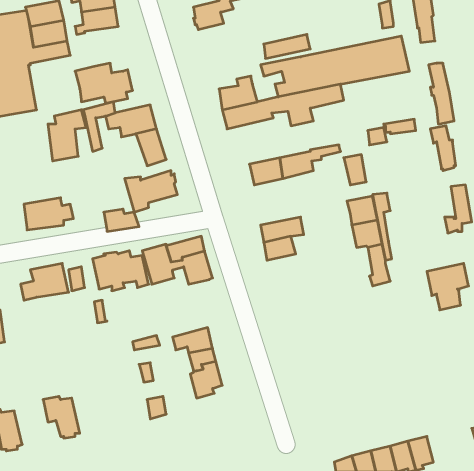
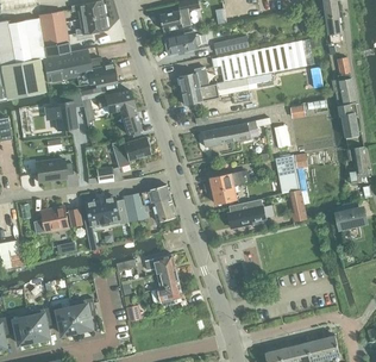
building: none -> [164,32,200,55]
building: none -> [39,49,87,82]
building: none -> [226,199,265,229]
building: none -> [70,298,95,332]
building: none -> [27,307,52,342]

